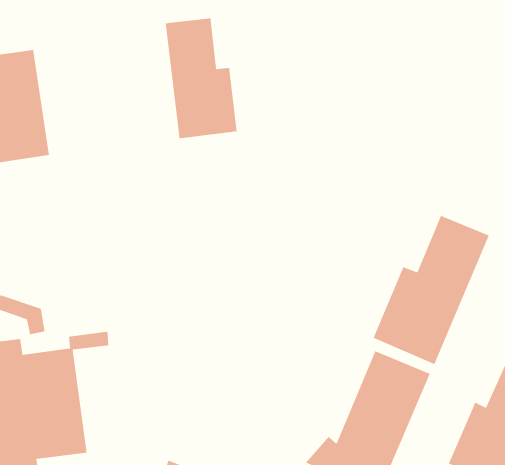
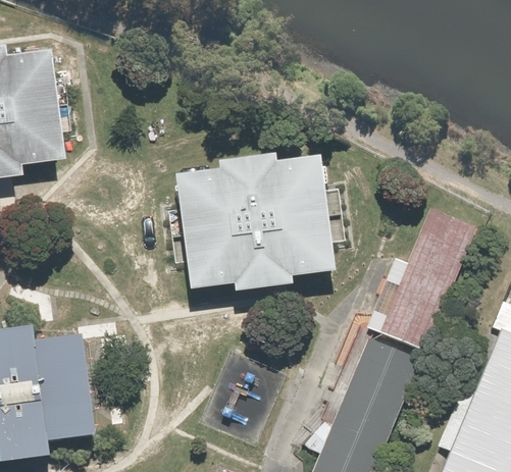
building: [165,17,238,139] -> none
building: none -> [176,154,334,293]

